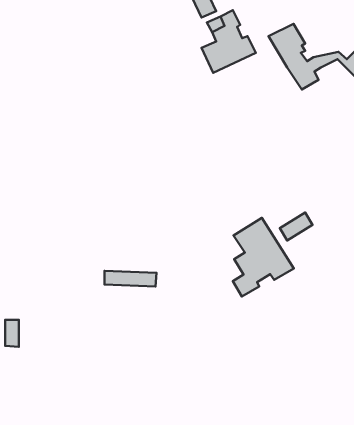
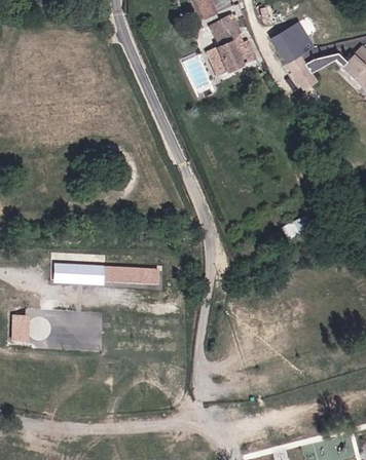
building: [233,218,294,297] -> none
building: none -> [53,264,104,285]

